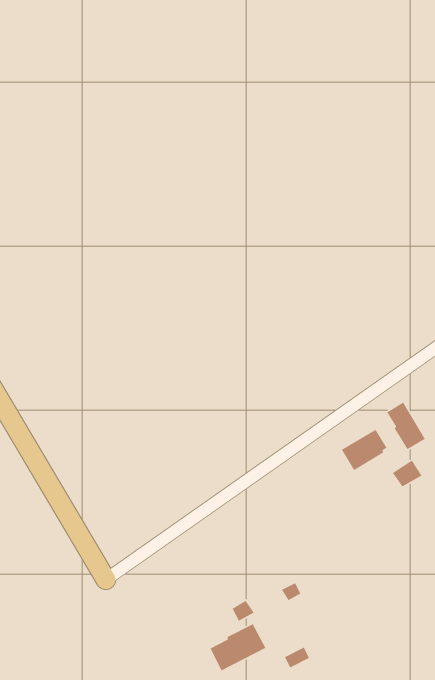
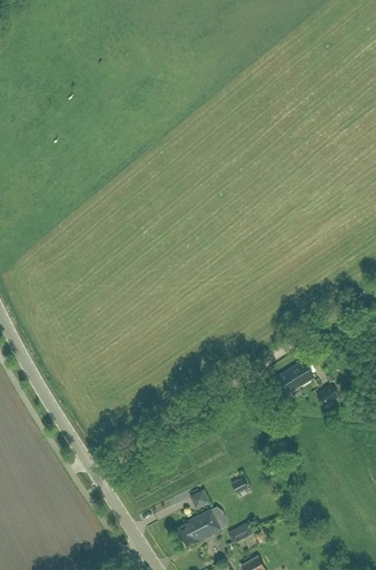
building: [386,402,426,450] -> none

